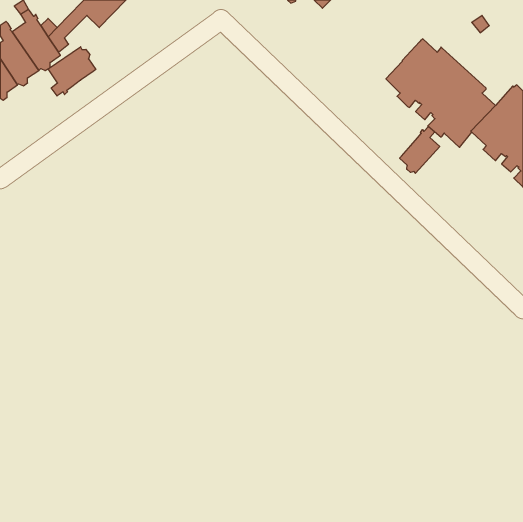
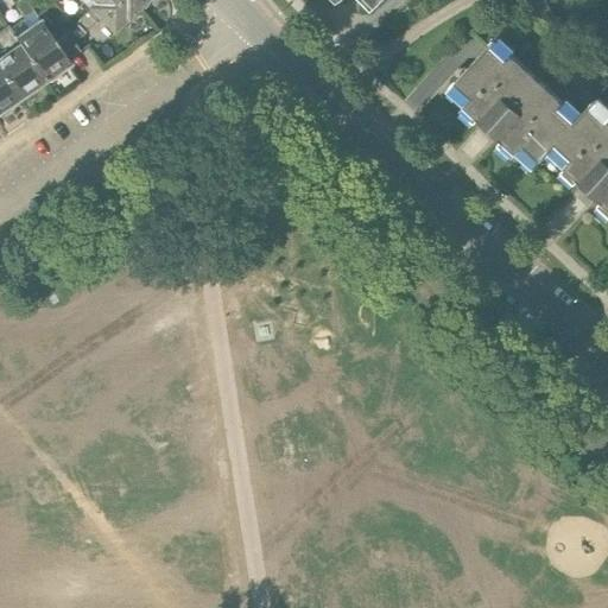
building: [48,47,96,96] -> none
building: [400,127,440,173] -> none

